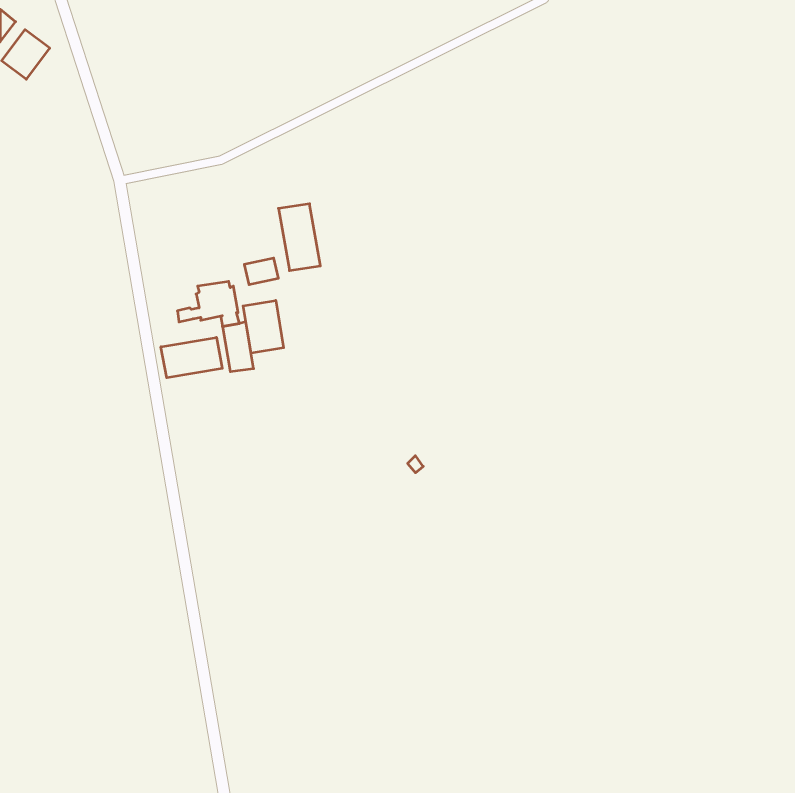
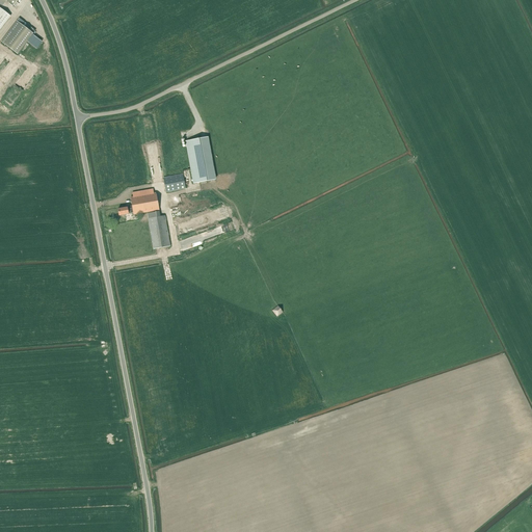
building: [243,300,284,353] -> none
building: [161,337,222,378] -> none

